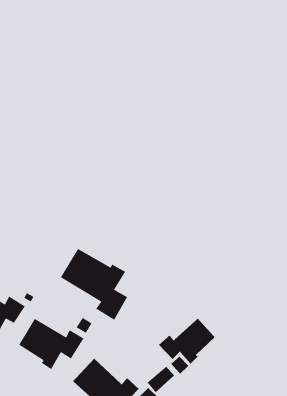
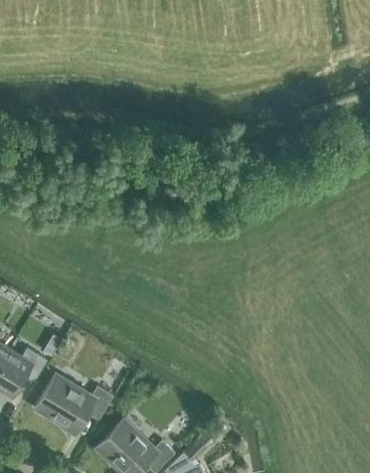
building: [60,244,128,321] -> none
building: [158,318,218,365] -> none

